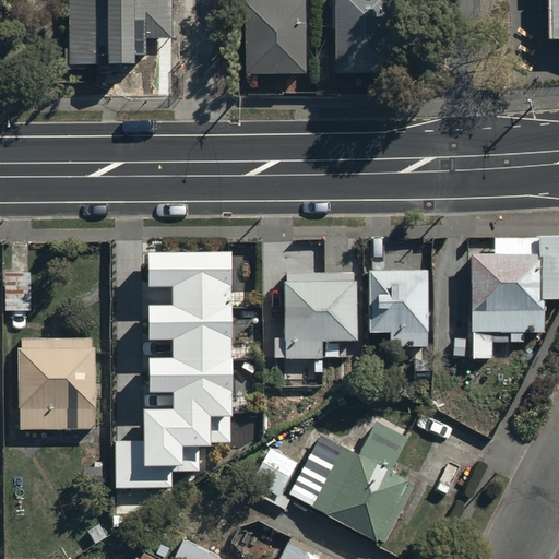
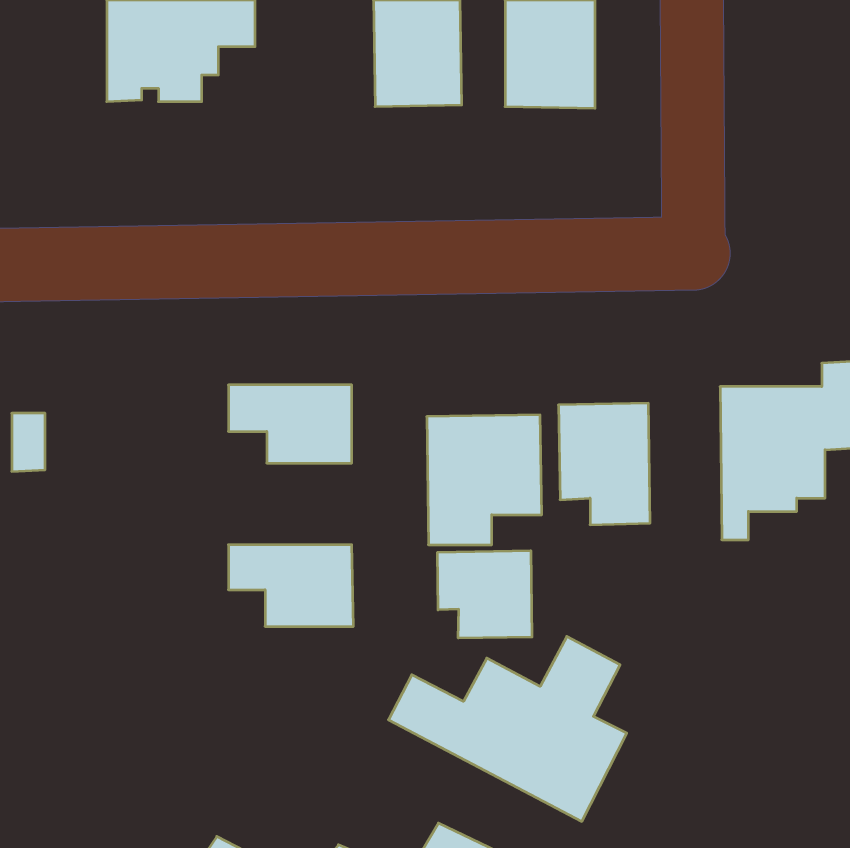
building: [151,306,231,359] -> none
building: [19,338,94,428] -> none
building: none -> [438,551,532,638]
building: [120,413,233,484] -> none

